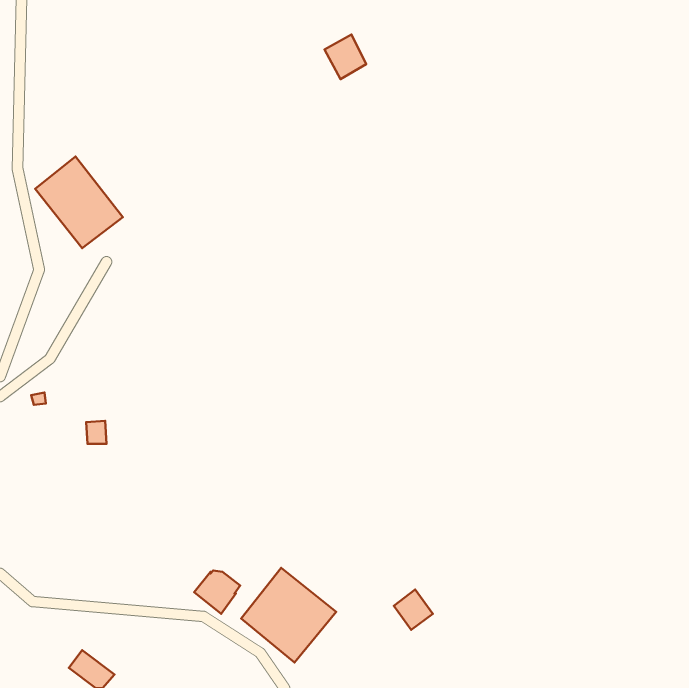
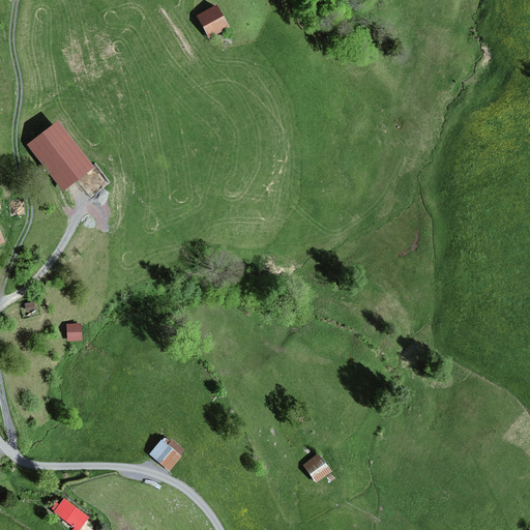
building: [324,35,366,79] -> [197,4,229,38]
building: [241,568,336,663] -> none

